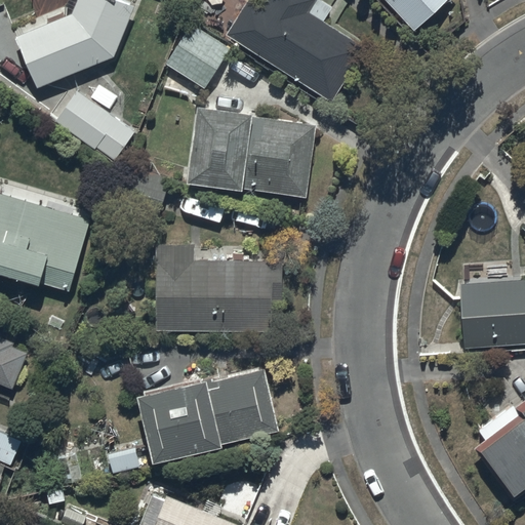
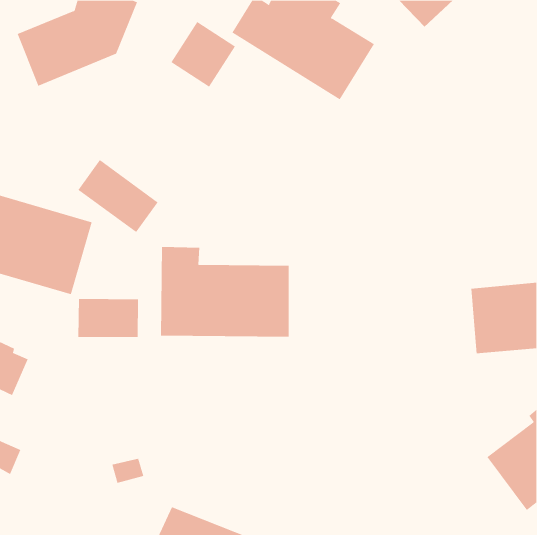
building: [55,90,134,162] -> [77,159,159,233]
building: [188,108,316,196] -> none
building: none -> [78,298,139,338]
building: [139,368,280,460] -> none

